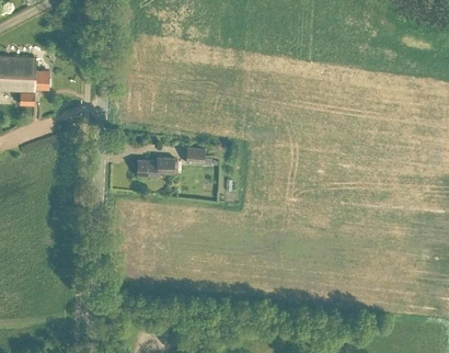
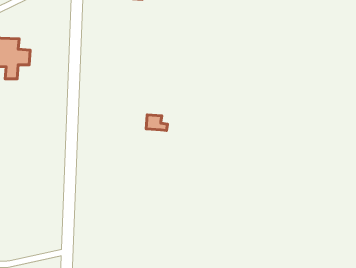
building: [136,157,173,175] -> none

